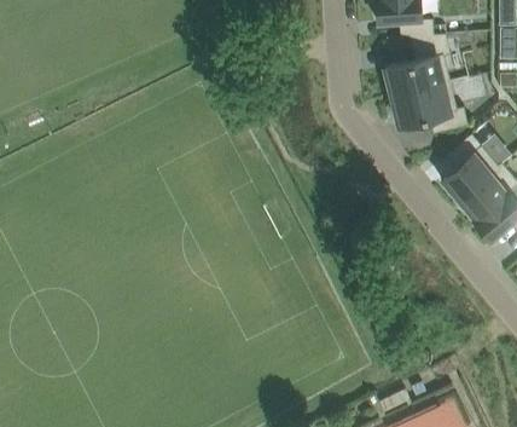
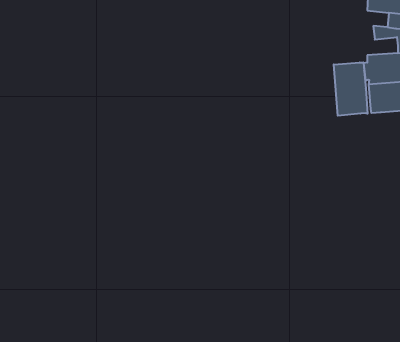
building: none -> [334,62,368,116]

